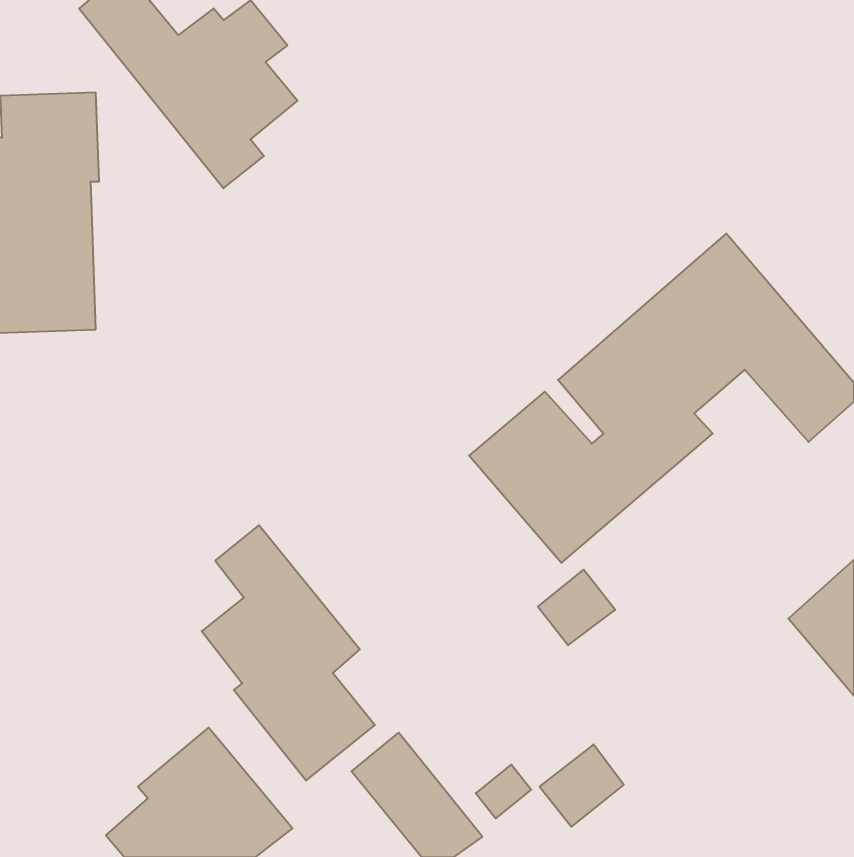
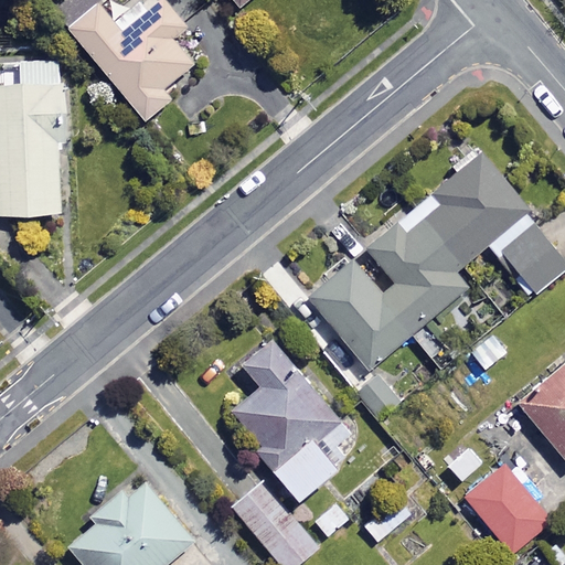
building: [202,525,375,781] -> [235,341,349,509]
building: none -> [468,466,555,554]

